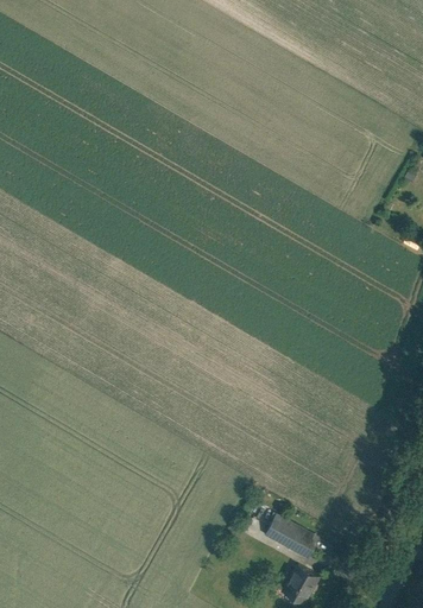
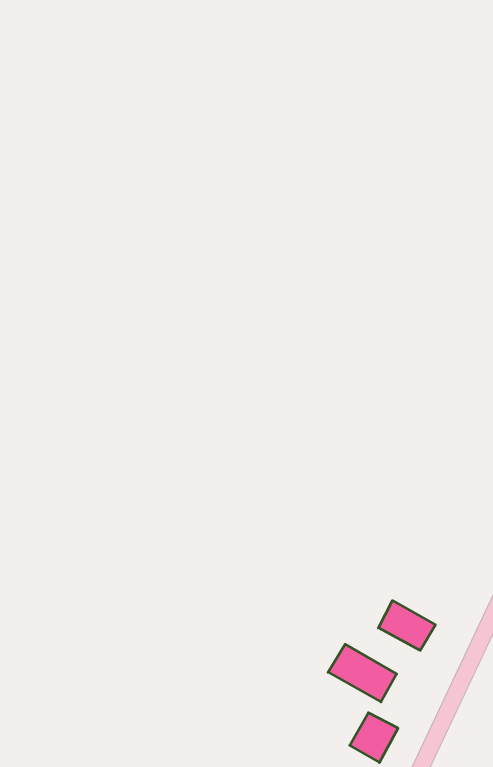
building: none -> [378,601,435,650]

